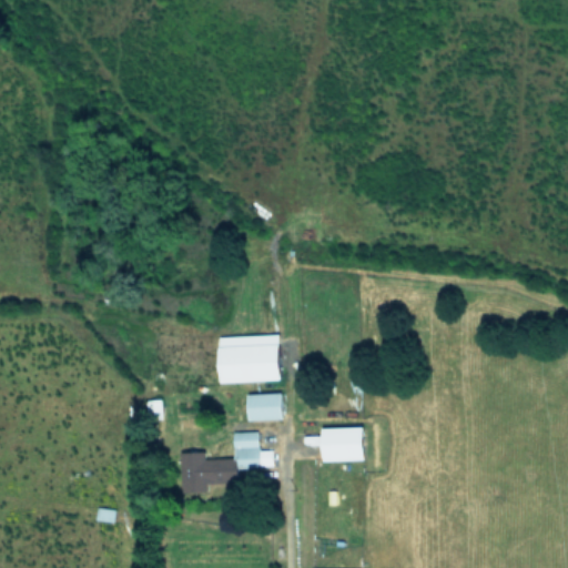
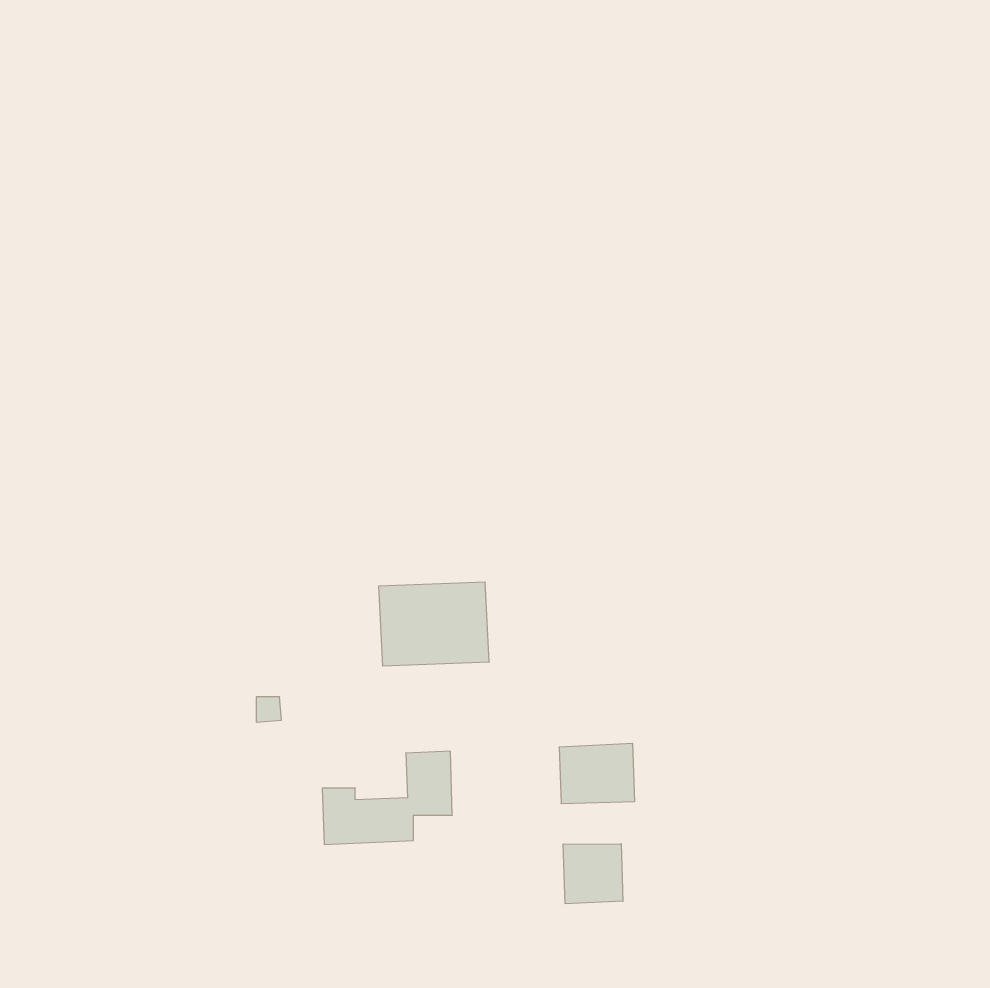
building: [245,394,281,422] -> none
building: none -> [563,844,623,904]

